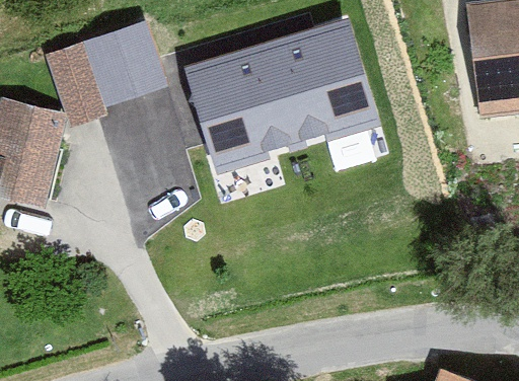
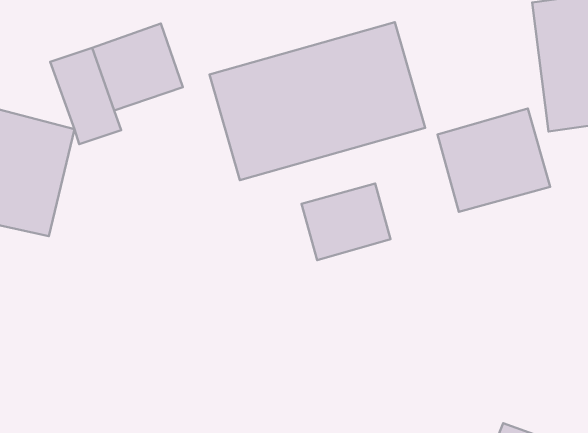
building: none -> [437,108,550,212]
building: none -> [301,184,391,260]

